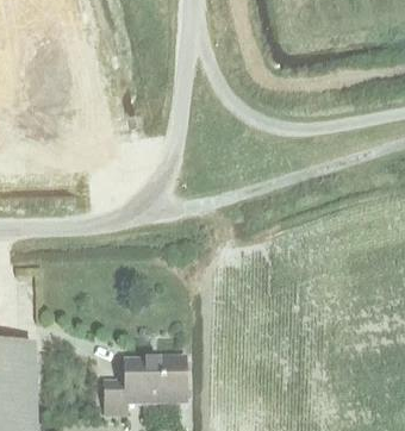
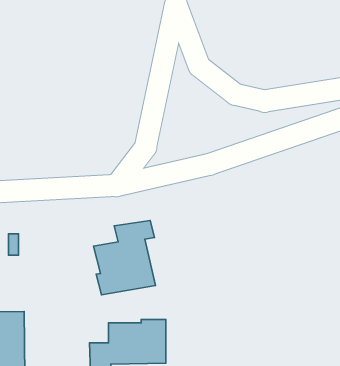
building: none -> [93,221,155,295]

